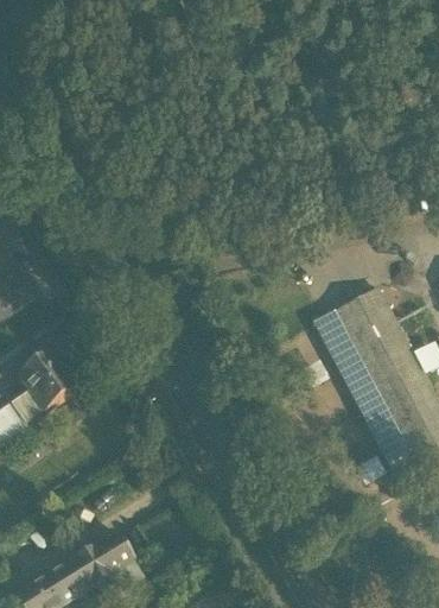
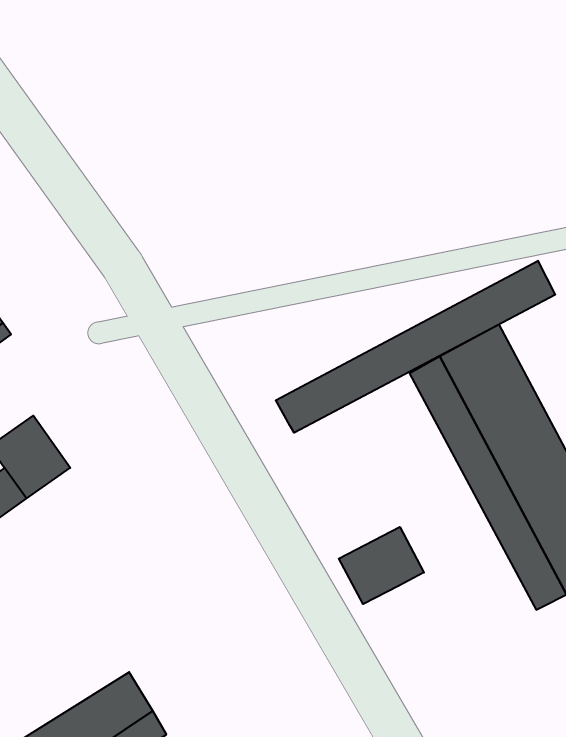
building: none -> [276,261,555,433]
building: none -> [339,527,424,604]

